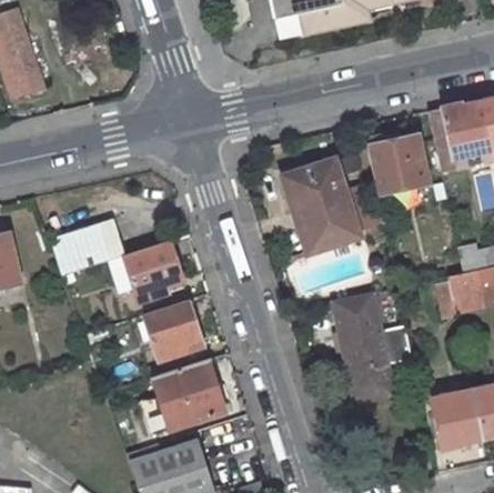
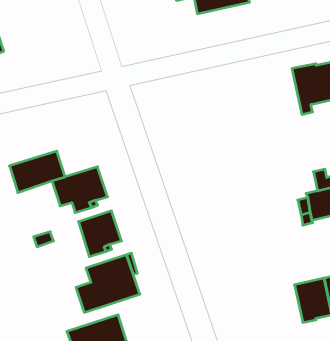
building: [367,133,430,194] -> none
building: [286,159,360,252] -> none
building: [333,292,412,403] -> none

